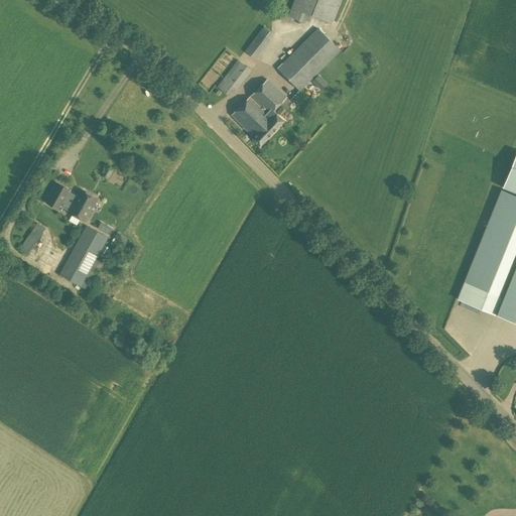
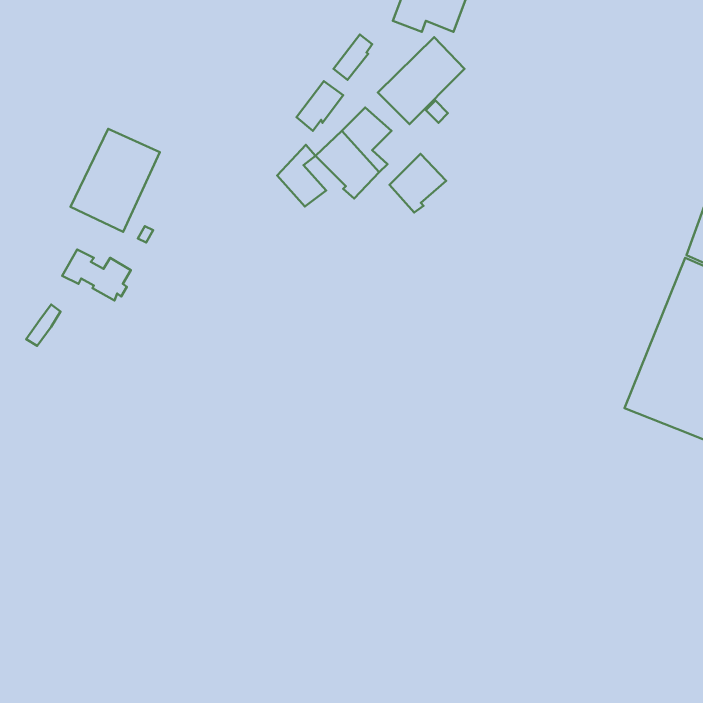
building: none -> [71,129,160,232]
building: none -> [277,145,326,207]
building: none -> [389,154,446,213]
building: [60,225,108,285] -> none

